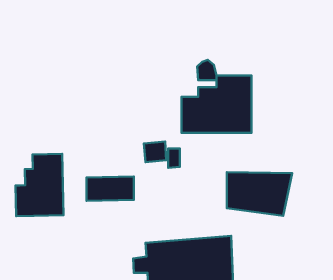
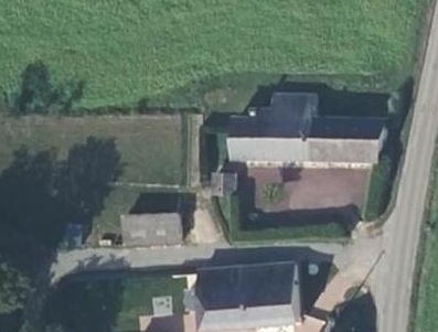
building: [16,154,63,216] -> none
building: [227,172,292,216] -> [319,113,393,162]

